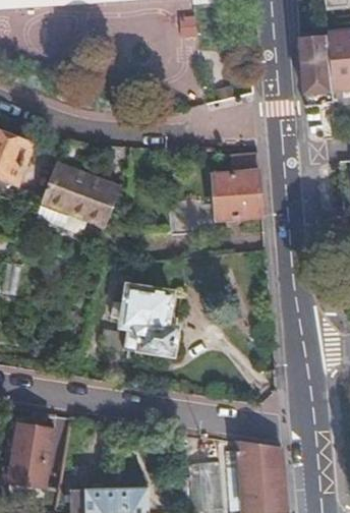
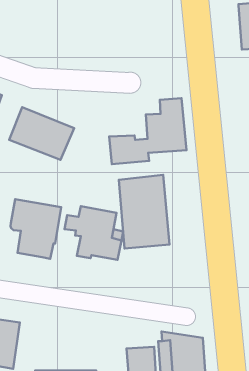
building: [300,34,333,105] -> none
building: none -> [119,175,170,249]
building: none -> [11,199,61,259]

